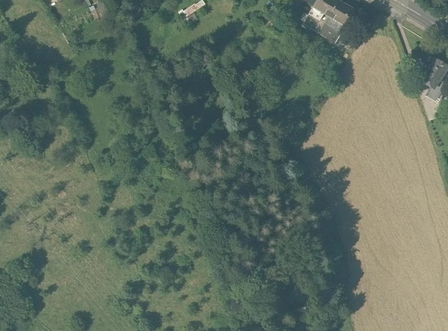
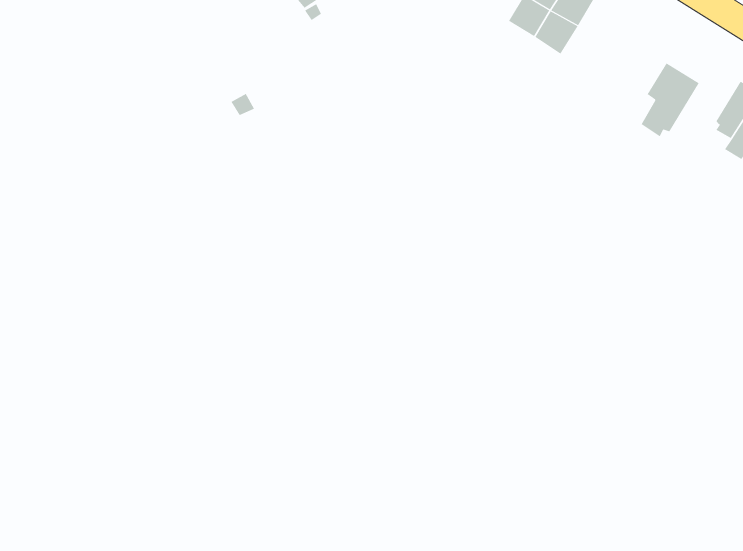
building: none -> [641,63,699,137]

